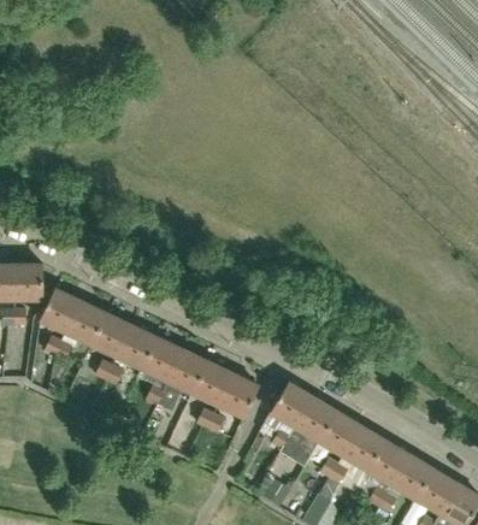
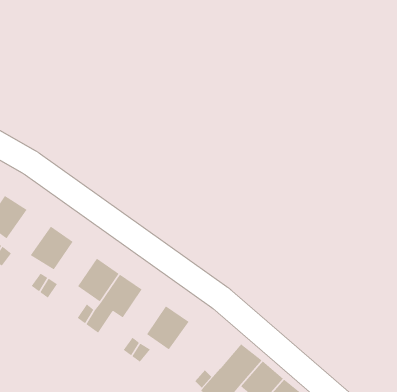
building: [64,301,105,346] -> none
building: [116,325,155,368] -> none
building: [191,361,231,405] -> none
building: [270,384,312,426] -> none

